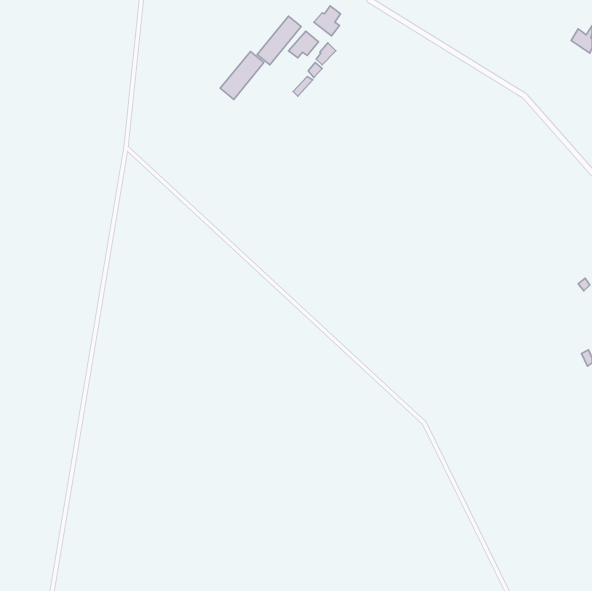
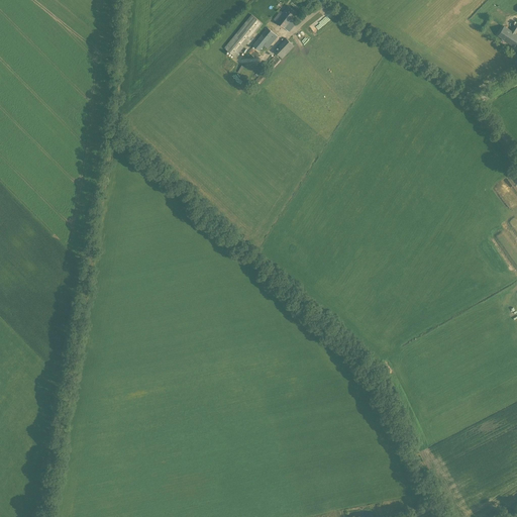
building: [220,51,264,99] -> none

